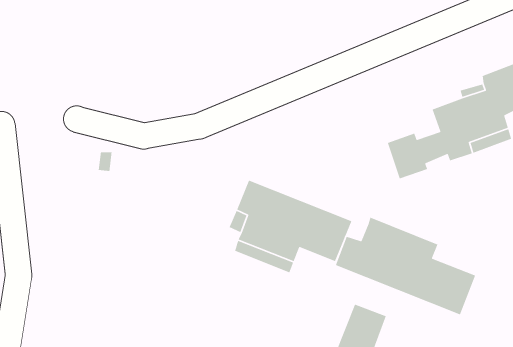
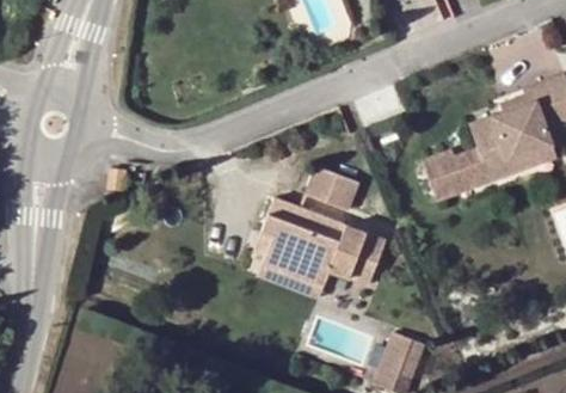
building: none -> [308,167,361,210]
building: [335,216,476,315] -> none

